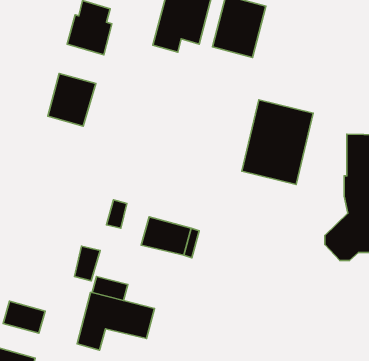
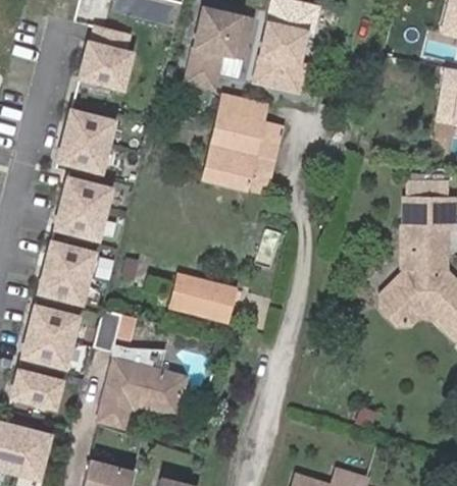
building: [242,100,313,184] -> [203,95,285,192]
building: none -> [59,178,113,239]
building: none -> [41,242,96,303]
building: none -> [23,311,78,368]

